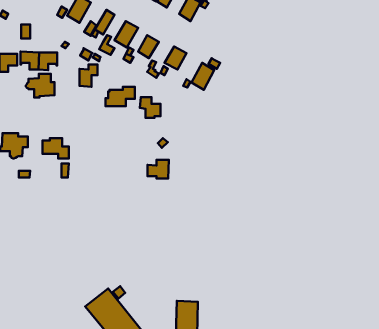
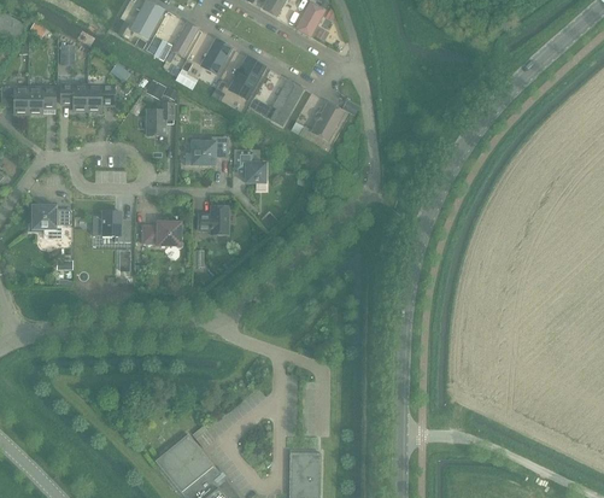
building: [26,74,54,97] -> none
building: none -> [142,221,182,246]
building: [148,160,169,179] -> [197,205,228,233]

